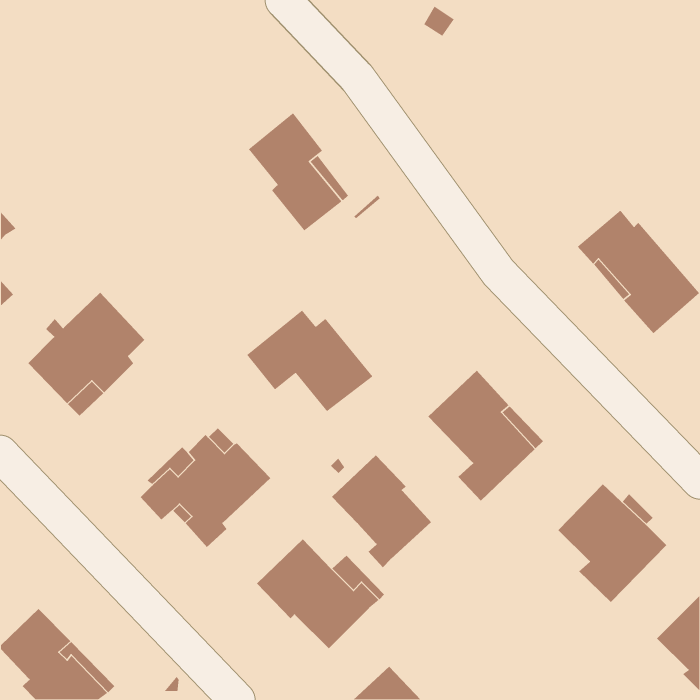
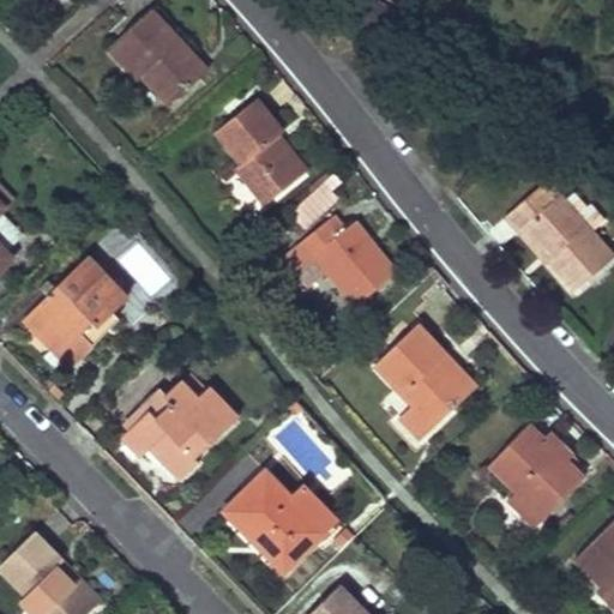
building: none -> [110,10,207,104]
building: [246,310,373,412] -> [284,215,396,305]
building: [331,455,432,568] -> none

